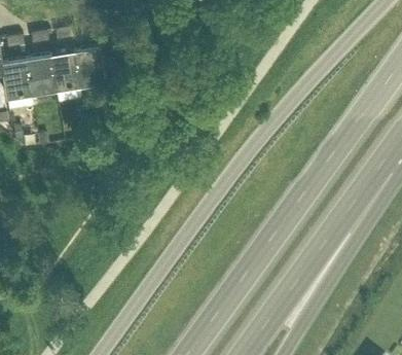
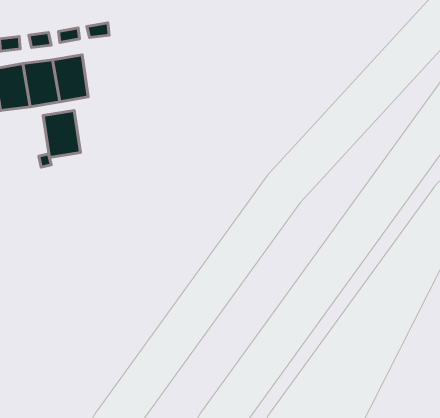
building: [74,47,105,86] -> [43,111,80,157]

